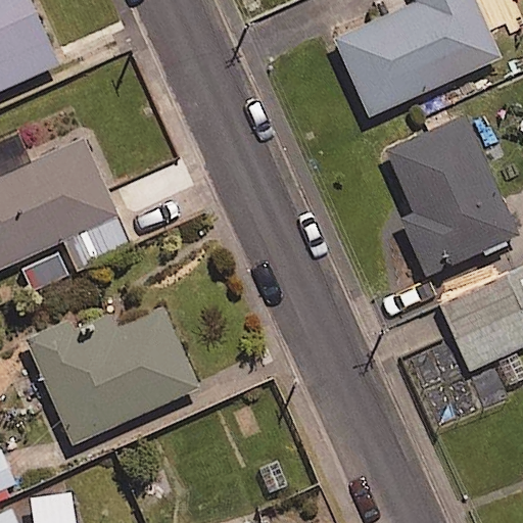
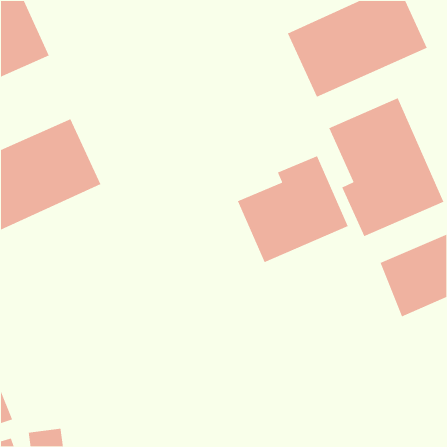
building: none -> [237,155,349,263]
building: [26,308,196,443] -> none

